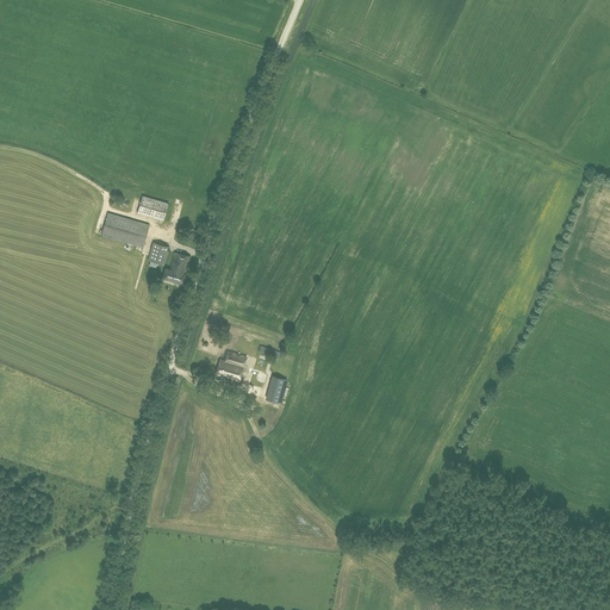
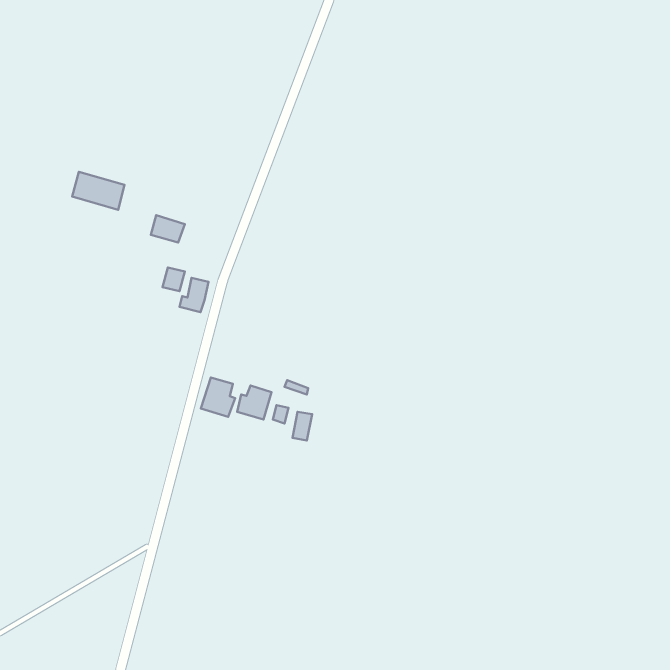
building: [101,213,149,248] -> [72,172,125,210]
building: none -> [201,378,235,417]

